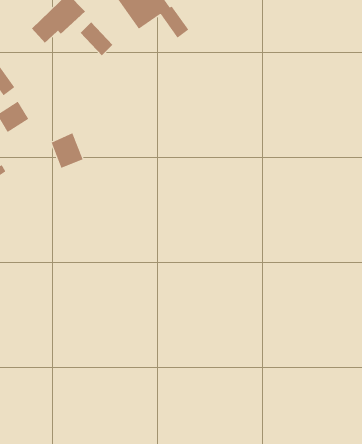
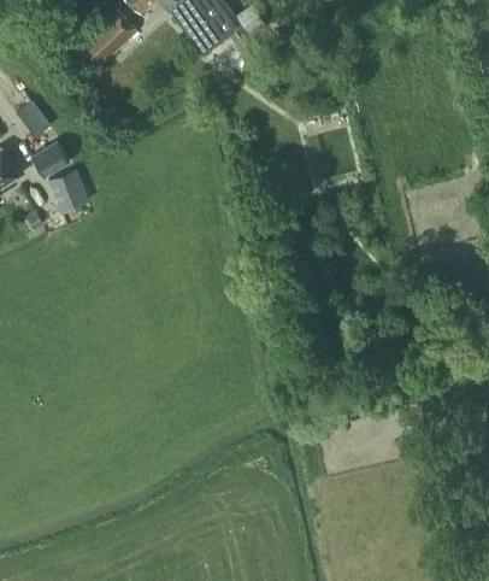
building: [80,22,113,56] -> none
building: [51,133,84,168] -> [47,169,87,212]

